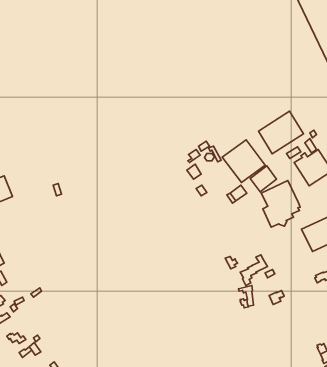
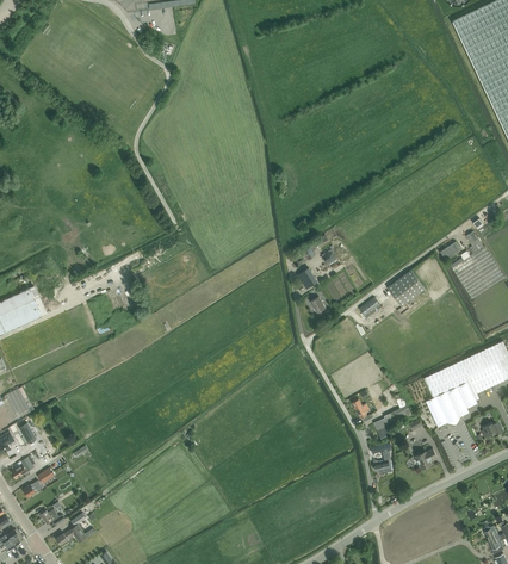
building: [258,111,303,154] -> none
building: [222,140,265,183] -> none
building: [261,181,300,227] -> [423,360,479,427]

